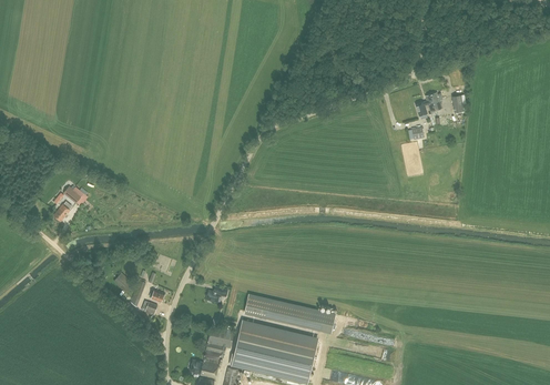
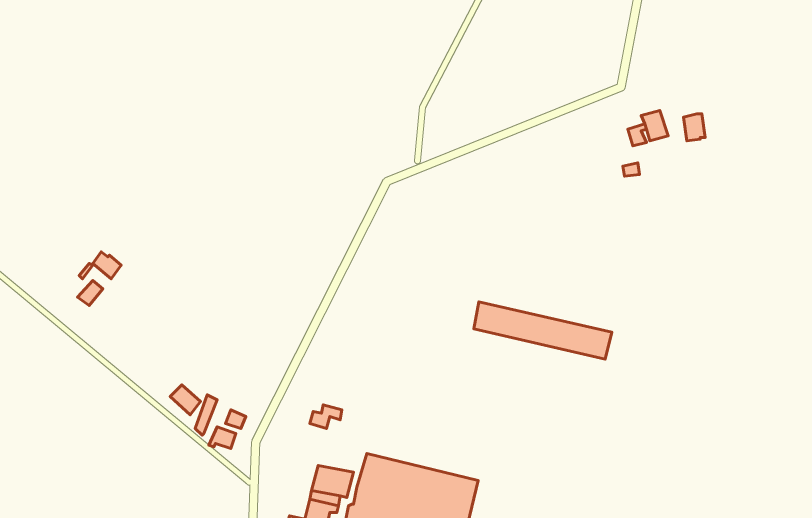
building: [245,294,336,332] -> [474,302,612,359]

